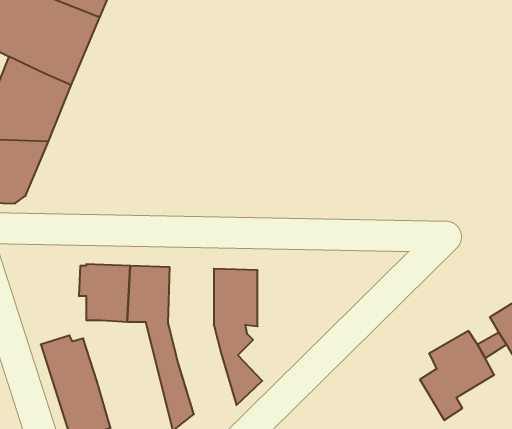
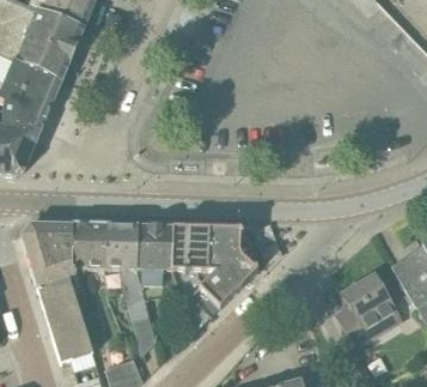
building: none -> [20,222,77,285]
building: none -> [138,224,179,297]
building: none -> [193,226,257,314]

